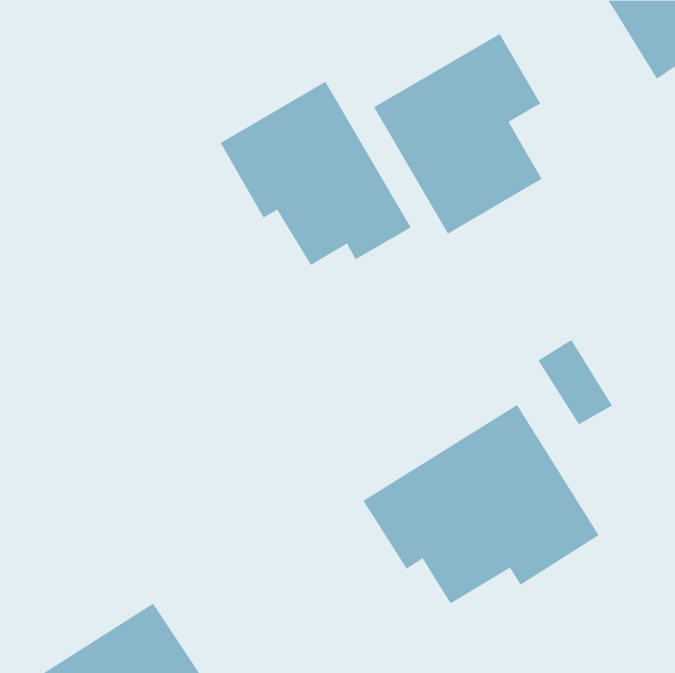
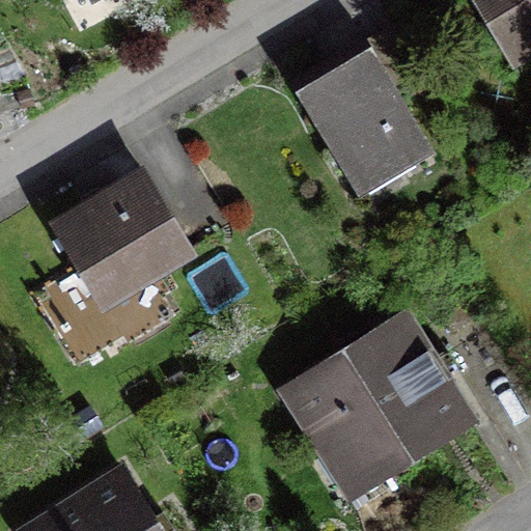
building: [220,81,411,266] -> none
building: none -> [56,176,192,307]

